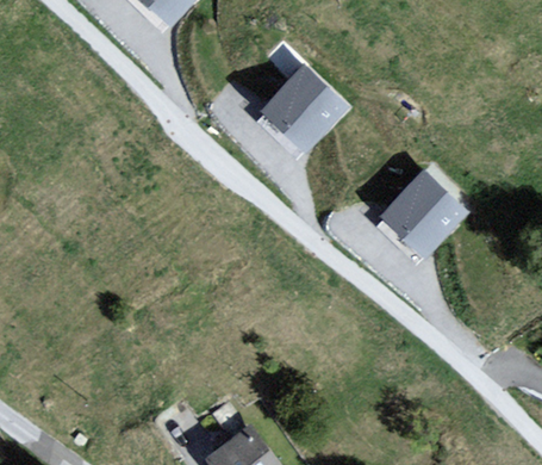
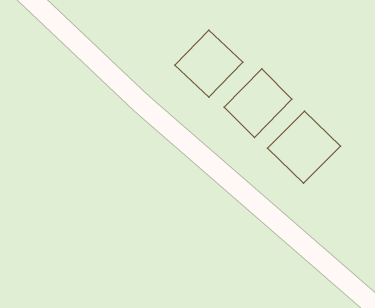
building: none -> [224,69,292,138]

